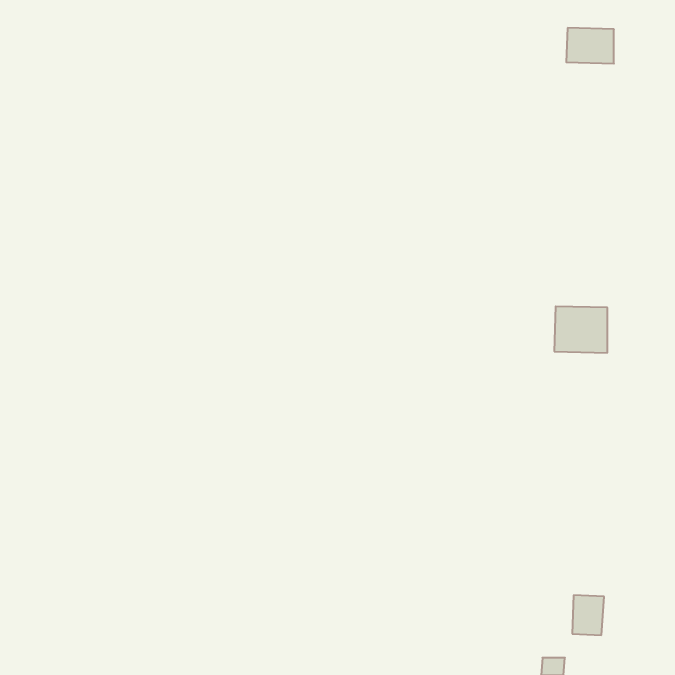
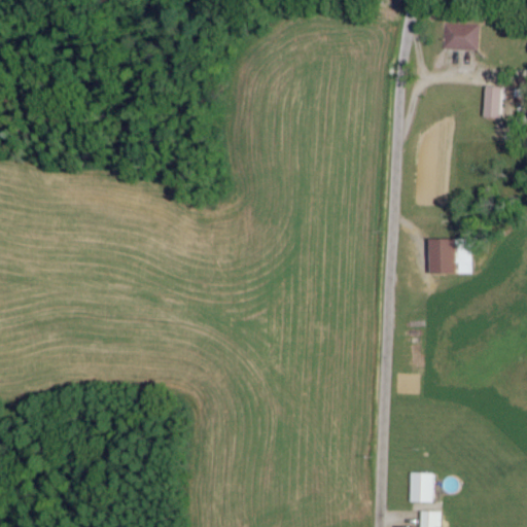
building: none -> [483,84,503,118]
building: [572,595,604,635] -> [409,471,433,502]

